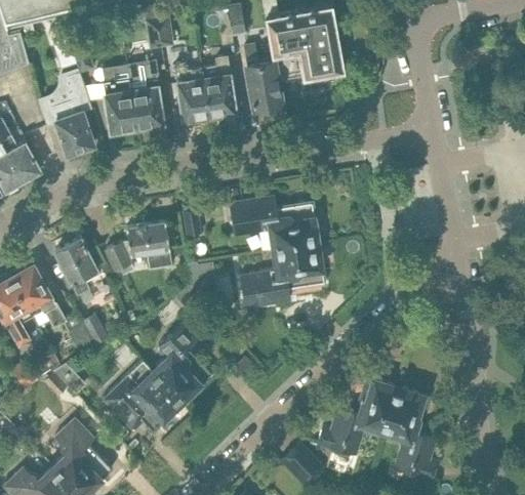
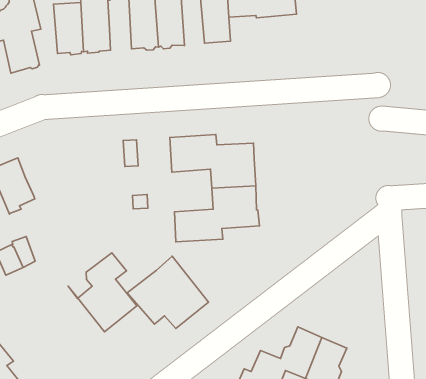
building: [106,222,171,276] -> none
building: [100,361,181,431] -> [127,256,208,328]

